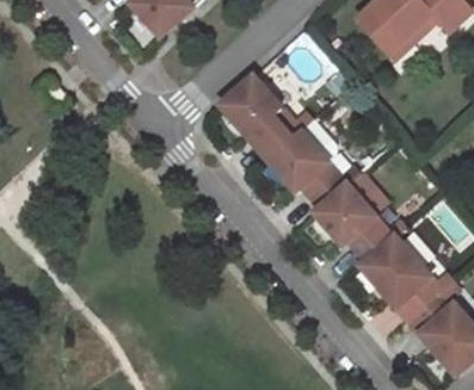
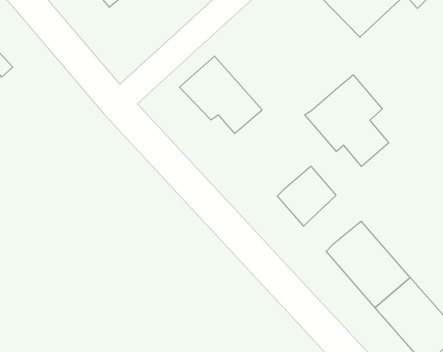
building: [267,119,347,206] -> [305,75,389,166]
building: [340,211,394,259] -> none

